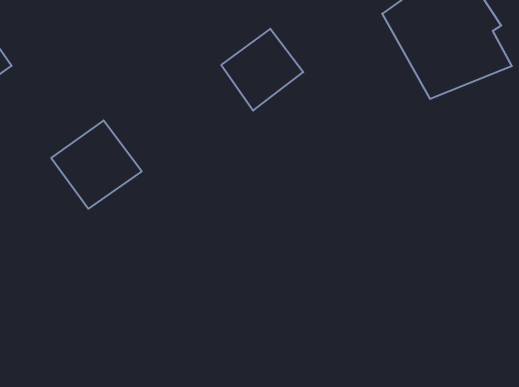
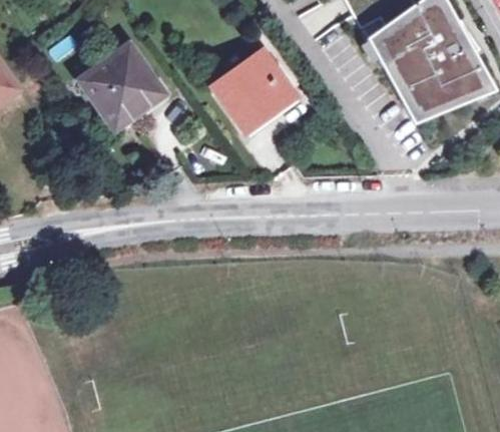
building: [51,120,142,209] -> [81,46,166,129]

